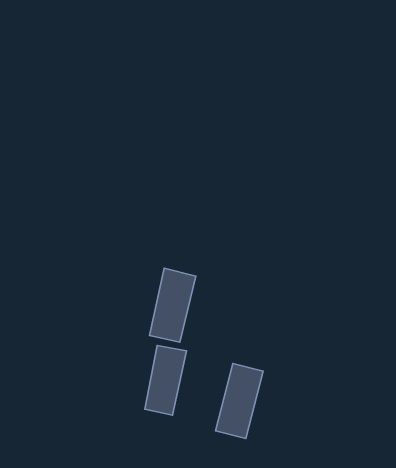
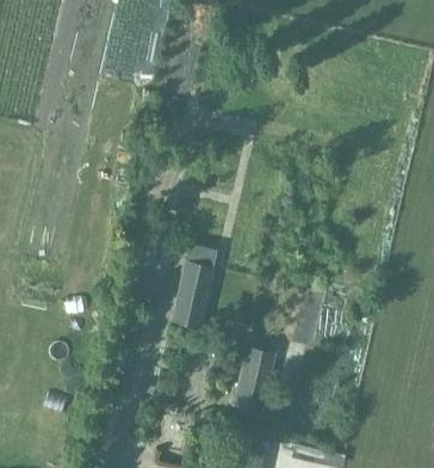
building: [145,346,187,415] -> none

